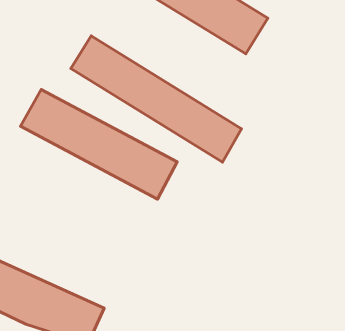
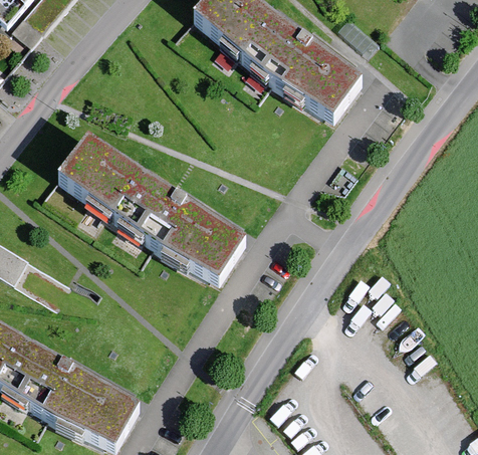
building: [71,36,242,162] -> none

